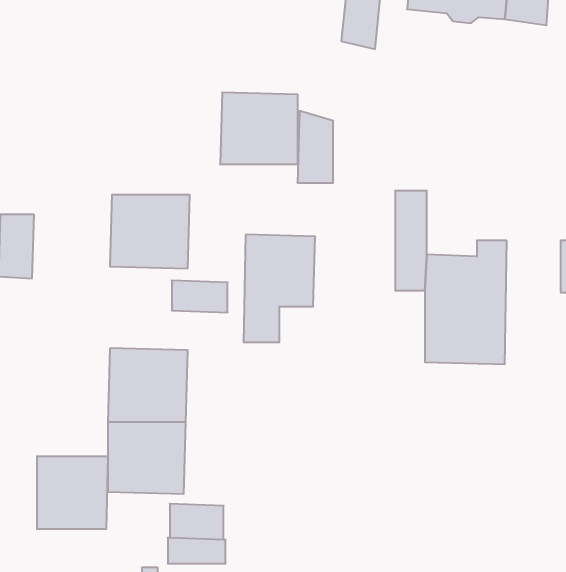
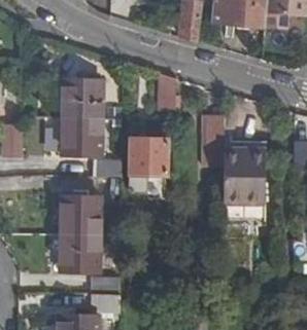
building: [220,92,298,164] -> [62,80,102,117]
building: [37,456,108,529] -> none

